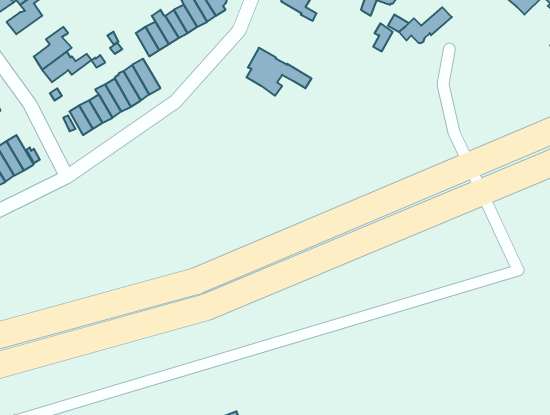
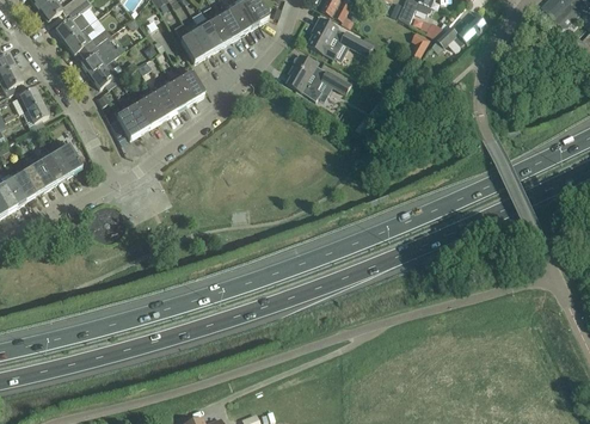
building: none -> [307,17,371,57]
building: none -> [63,23,109,54]

